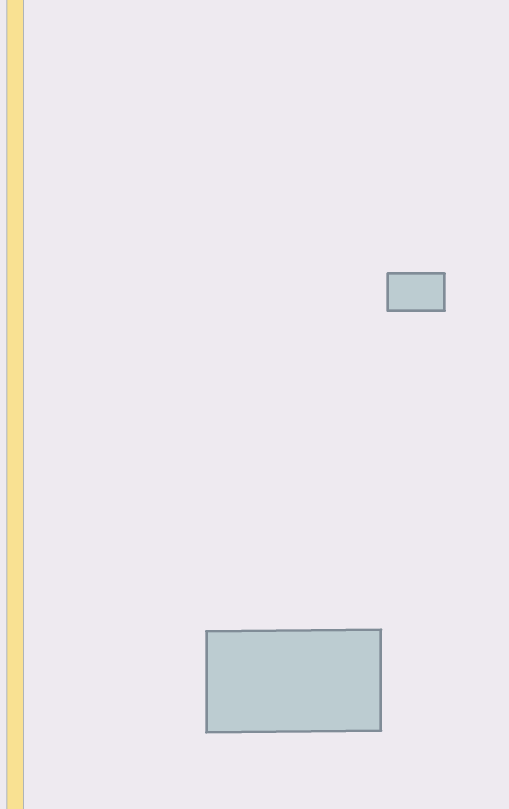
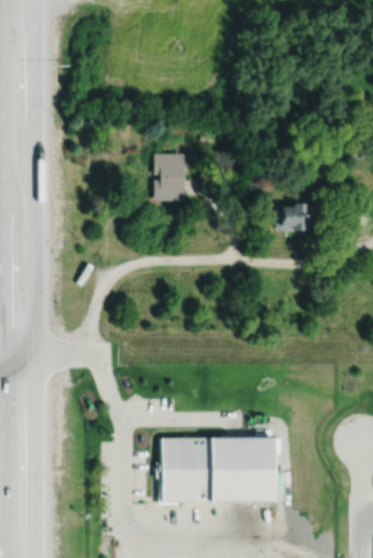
building: none -> [155,154,185,201]

